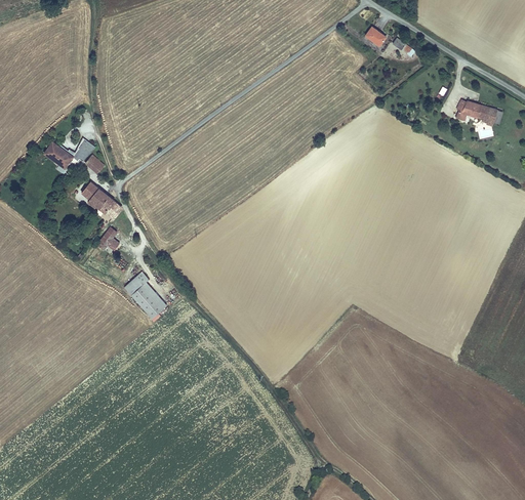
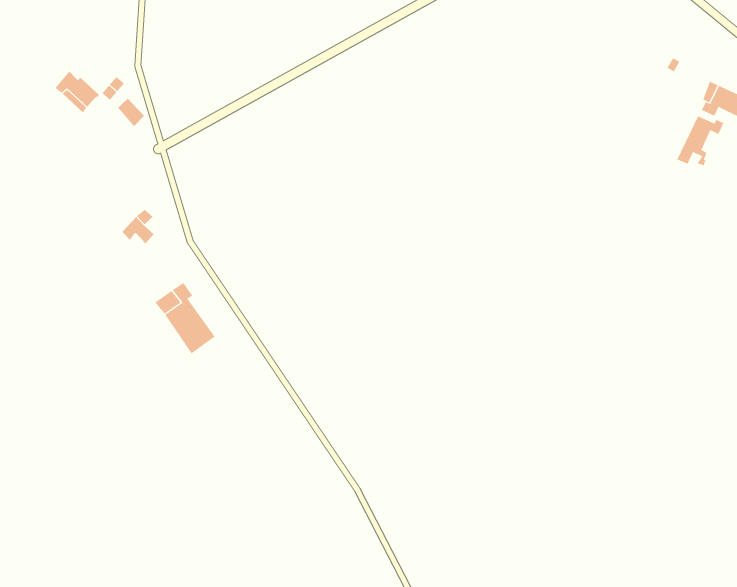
building: none -> [677,115,724,166]
building: [80,181,120,217] -> none

